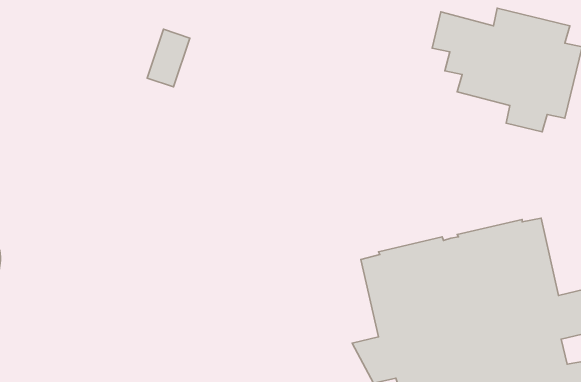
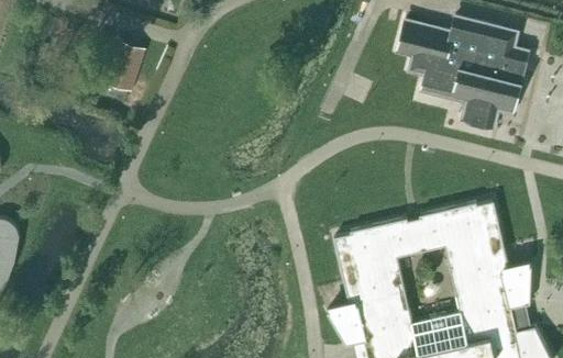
building: [147,29,190,87] -> [109,42,146,92]

